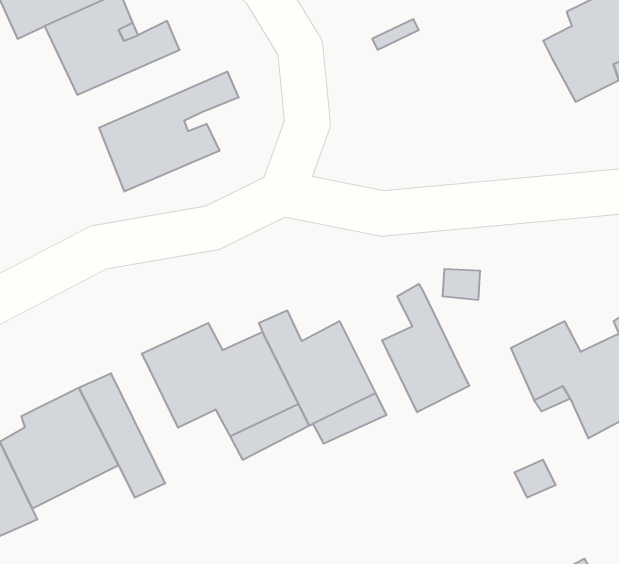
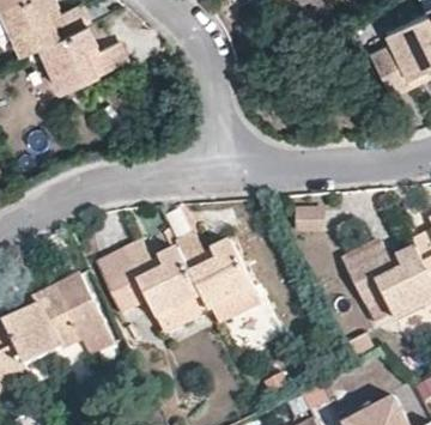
building: [99,71,239,192] -> none
building: [382,284,469,412] -> none

